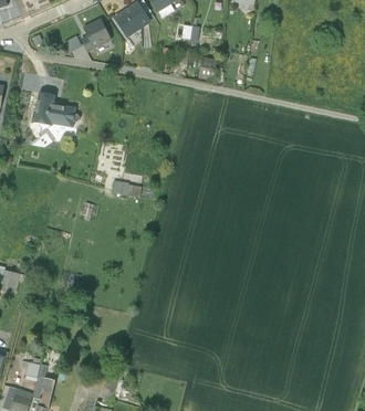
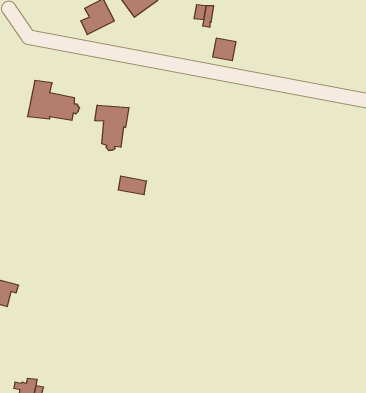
building: none -> [95,105,129,151]

